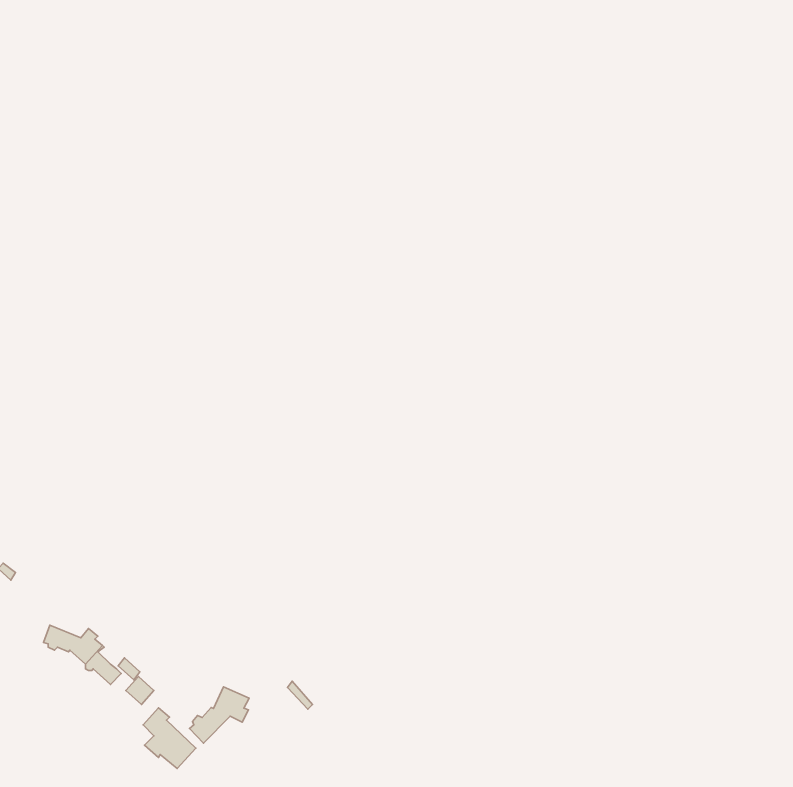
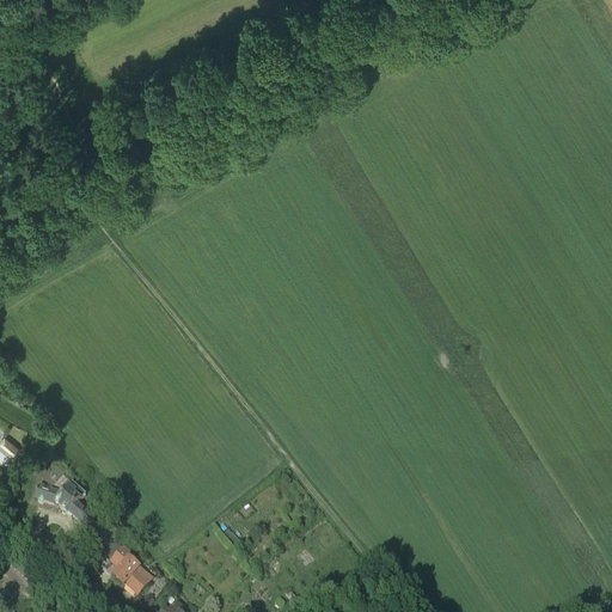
building: [190,687,249,743] -> none

